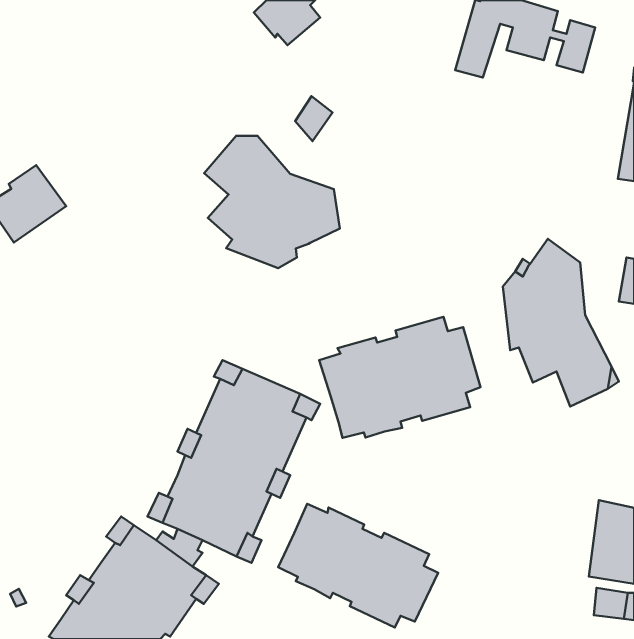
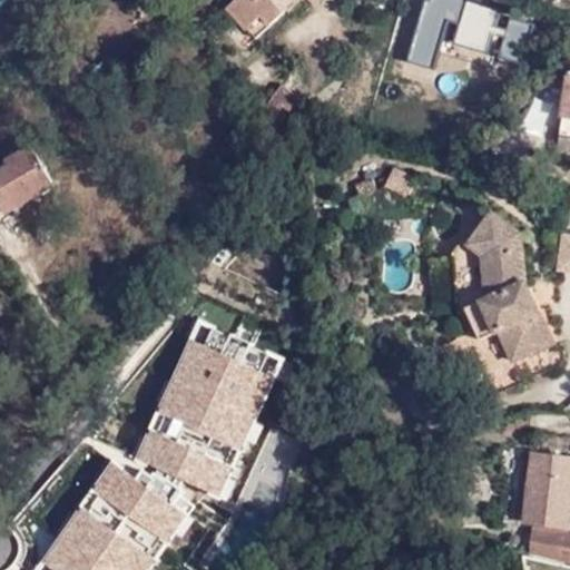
building: [204,136,340,268] -> none
building: [319,317,480,438] -> none
building: [278,504,438,628] -> none

